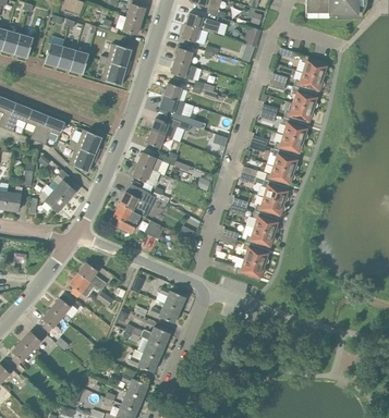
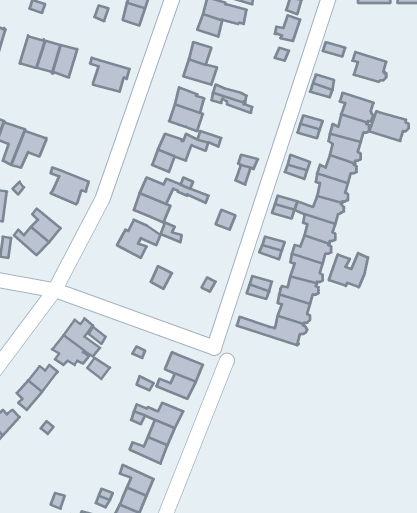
building: [99,44,132,69] -> none
building: [293,72,324,95] -> [369,111,409,141]
building: [69,130,101,156] -> none
building: [112,205,141,234] -> none
building: none -> [329,253,368,287]

